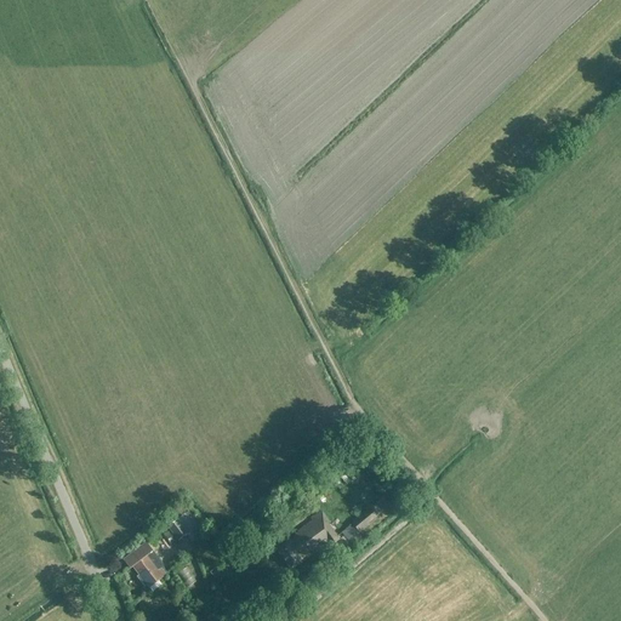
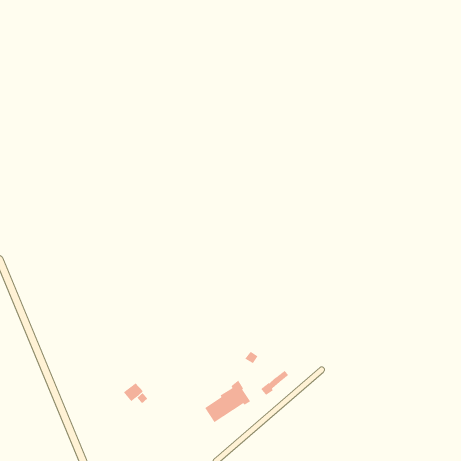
building: [130,542,163,591] -> none

